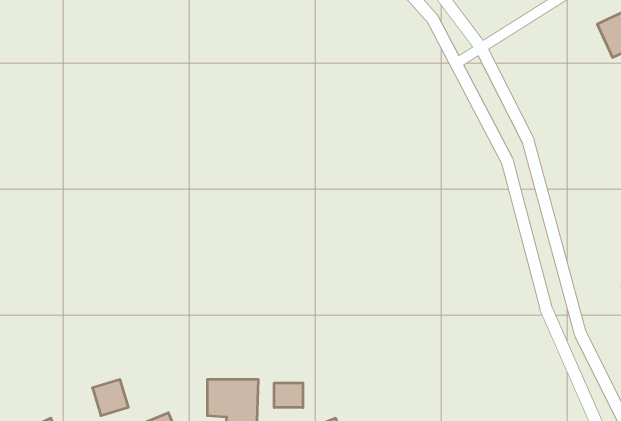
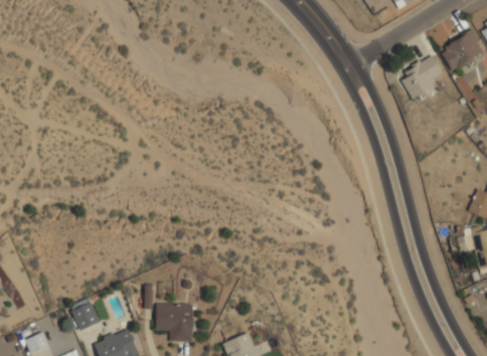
building: none -> [399,55,443,99]
building: [274,383,303,408] -> none

